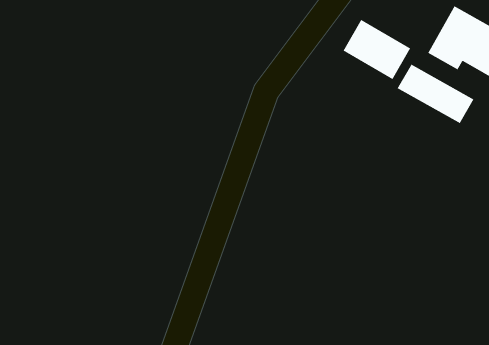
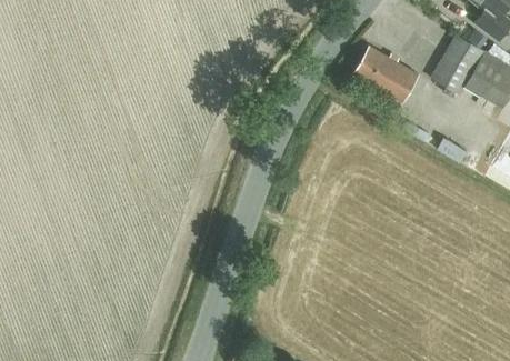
building: [397,63,475,124] -> none

